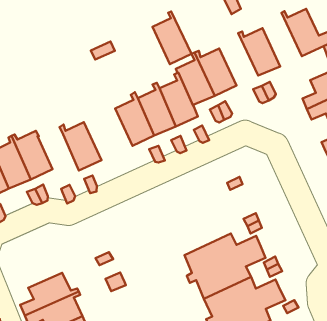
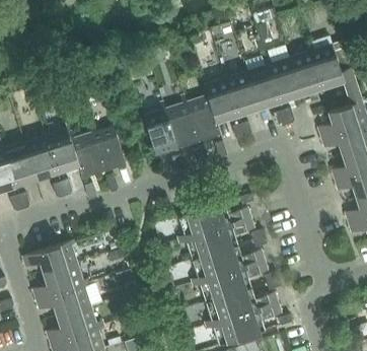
building: [152,11,191,64] -> [246,61,280,110]
building: none -> [289,47,322,96]
building: none -> [68,134,102,179]
building: none -> [177,198,253,262]
building: none -> [22,241,76,275]

